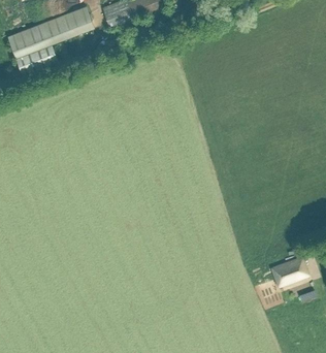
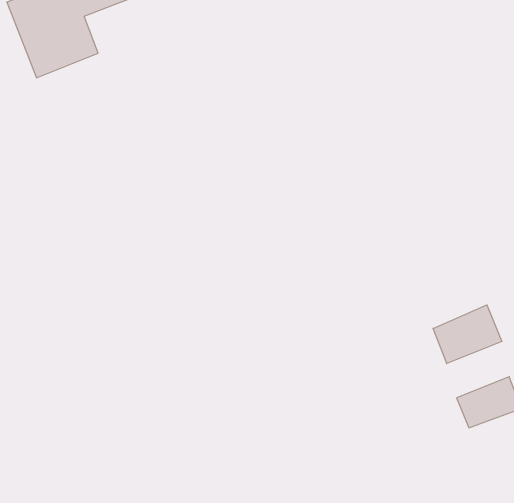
building: none -> [433,305,502,364]

